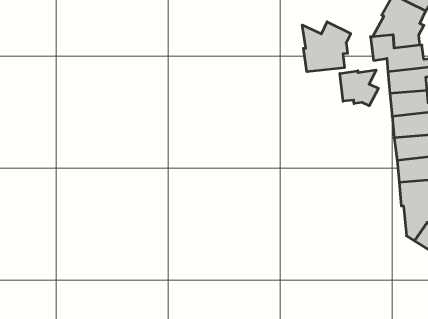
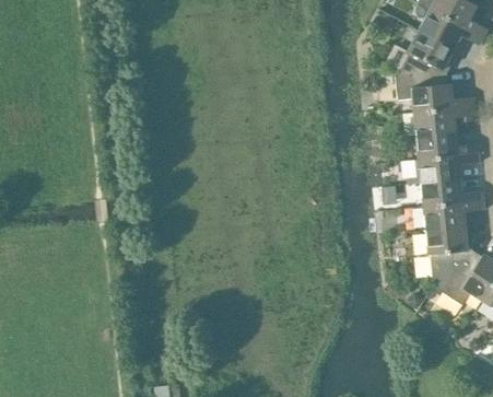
building: [302,22,351,72] -> none
building: [340,70,378,106] -> none

